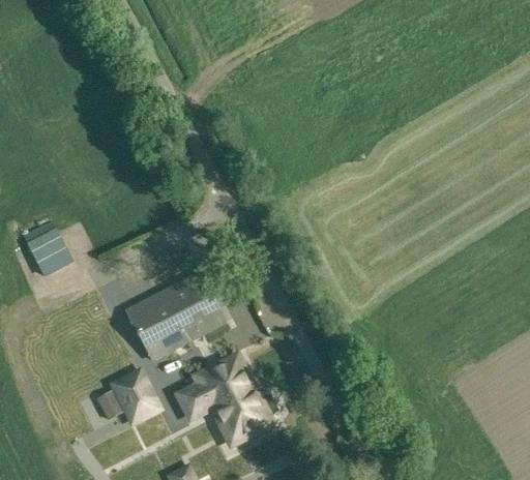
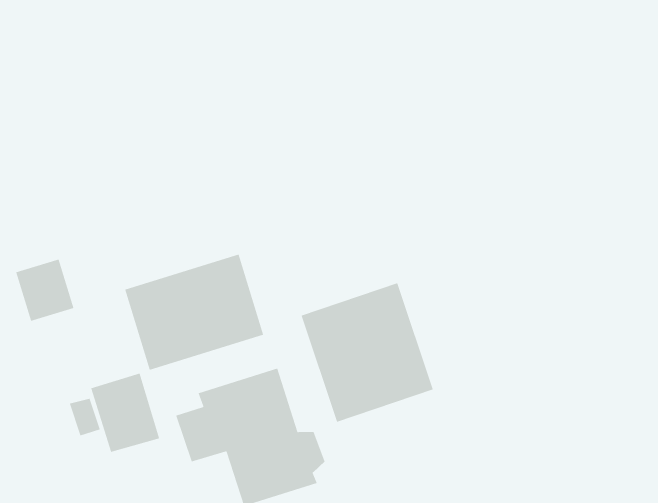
building: [25,228,71,276] -> [15,258,74,322]
building: none -> [300,282,434,423]

